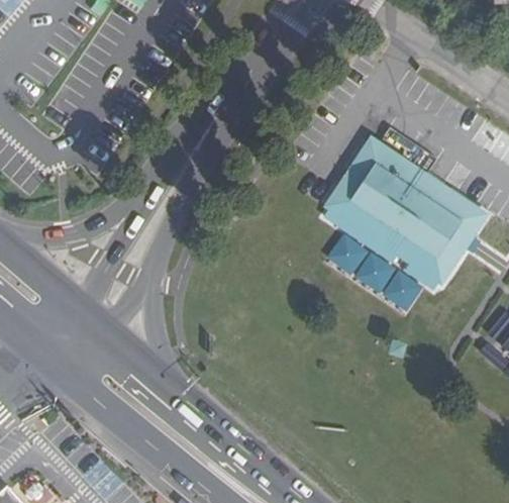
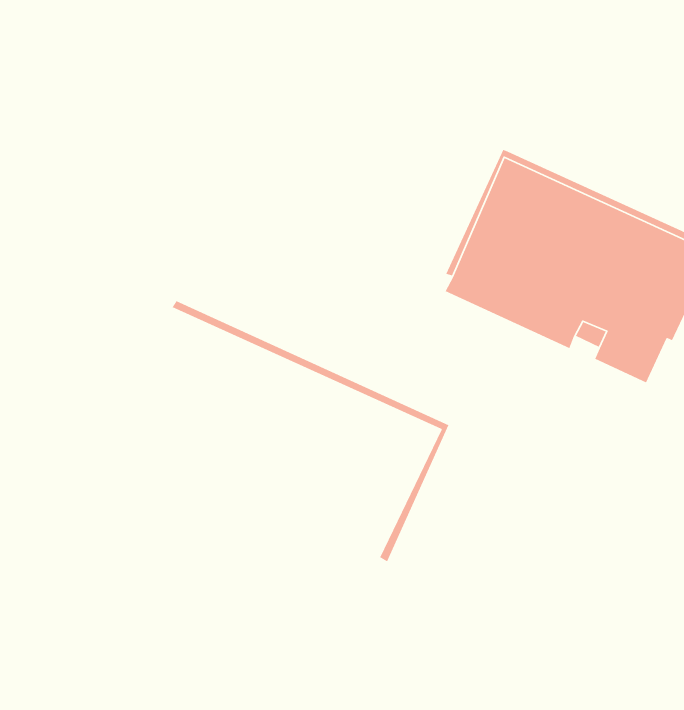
building: none -> [172,300,449,563]

